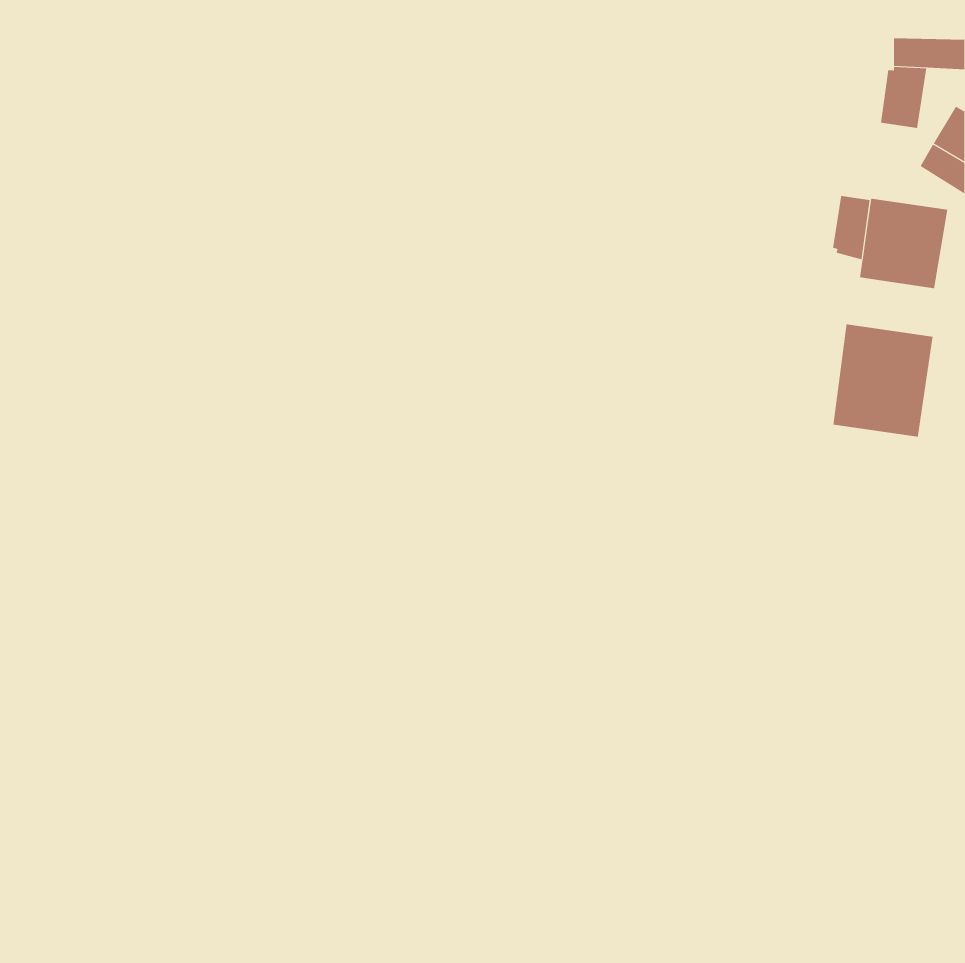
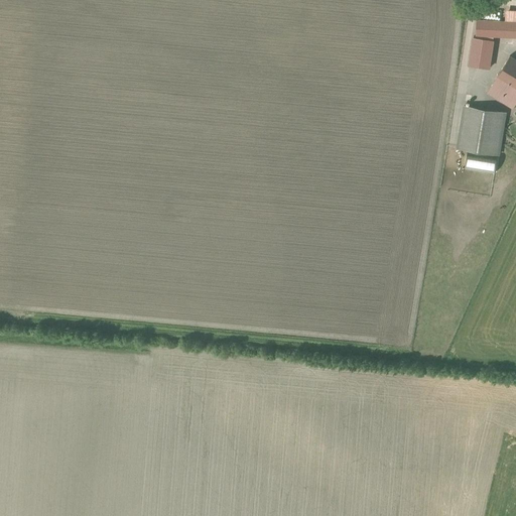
building: [833,195,870,260] -> none
building: [833,324,933,437] -> none

